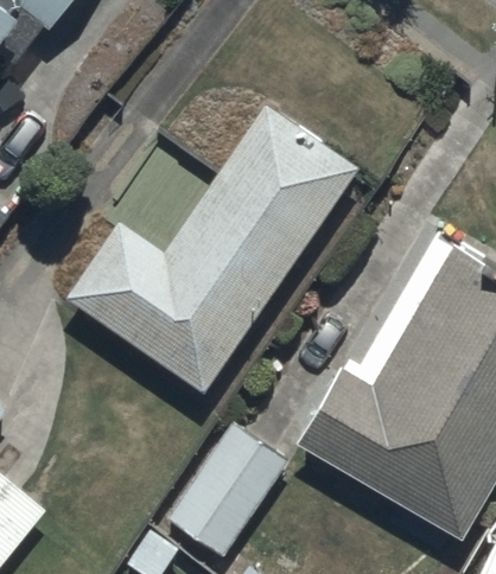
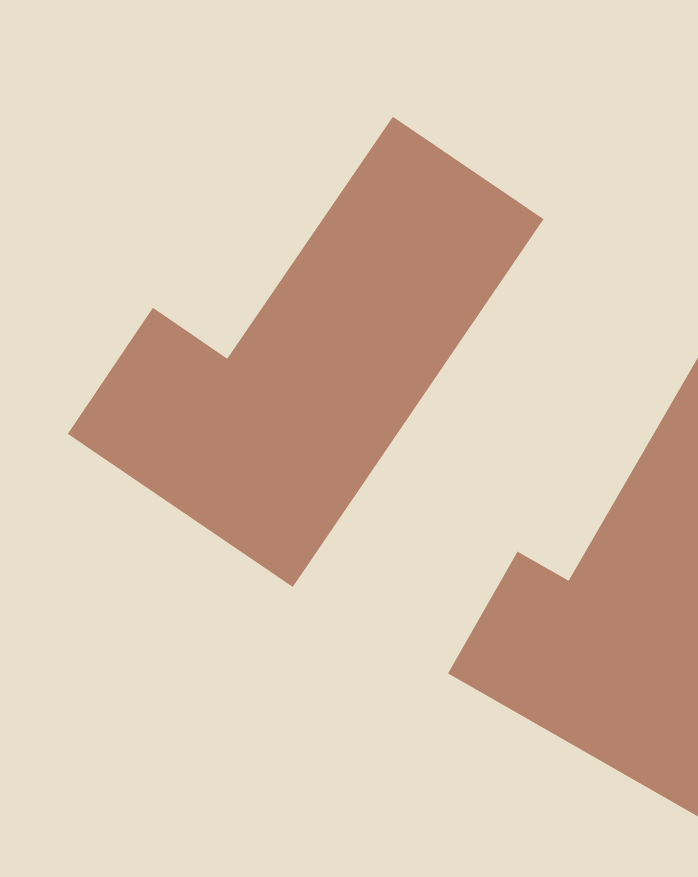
building: [167,426,287,557] -> none

